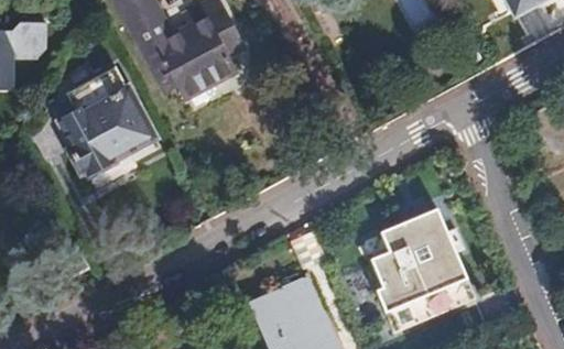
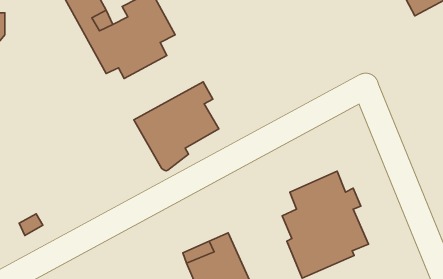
building: [61,67,151,177] -> none
building: none -> [134,82,219,171]

